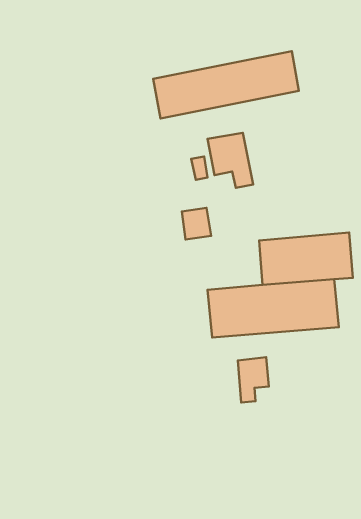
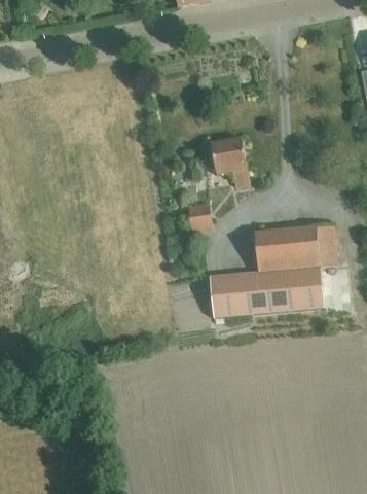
building: [153,51,299,119] -> none
building: [238,357,269,402] -> none

